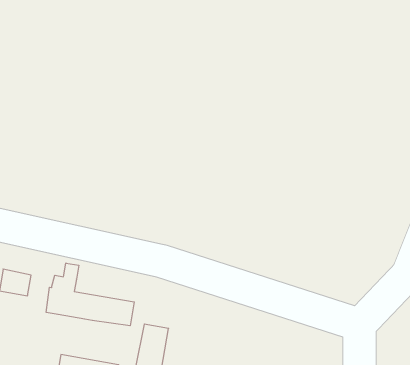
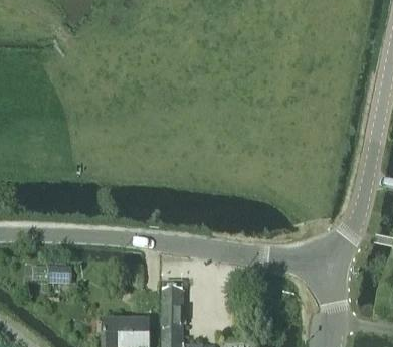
building: [46,263,134,326] -> none

